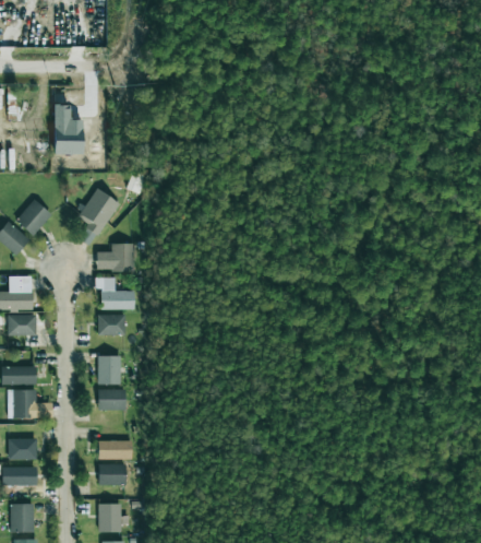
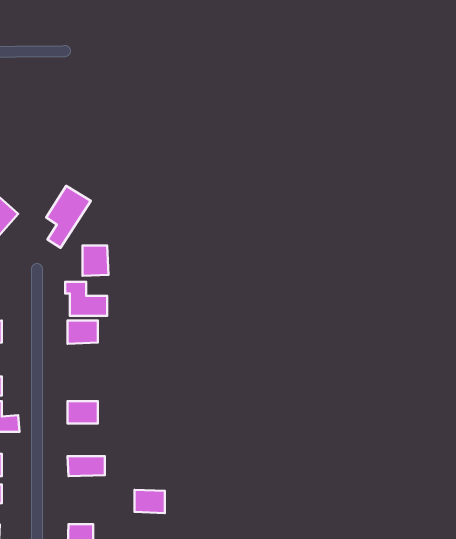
building: [52,105,82,154] -> none
building: [96,355,121,385] -> none
building: [98,463,127,485] -> [134,490,165,513]

